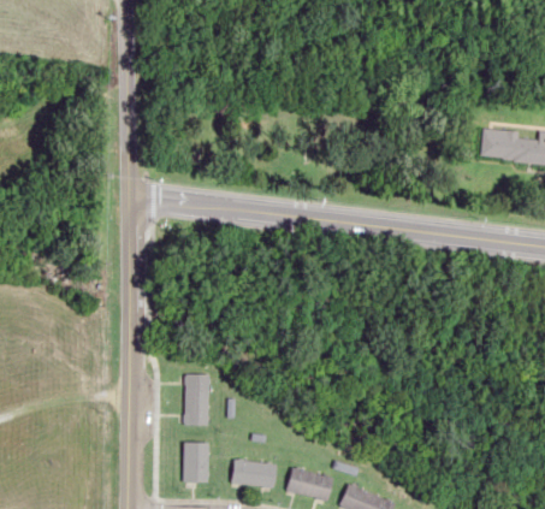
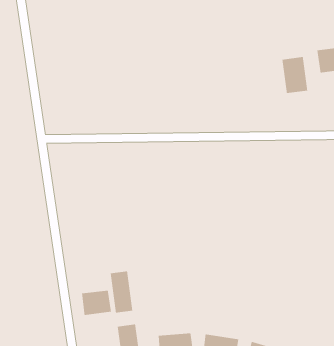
building: none -> [282,56,308,94]
building: none -> [81,290,112,316]

